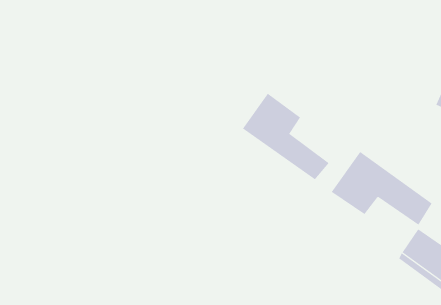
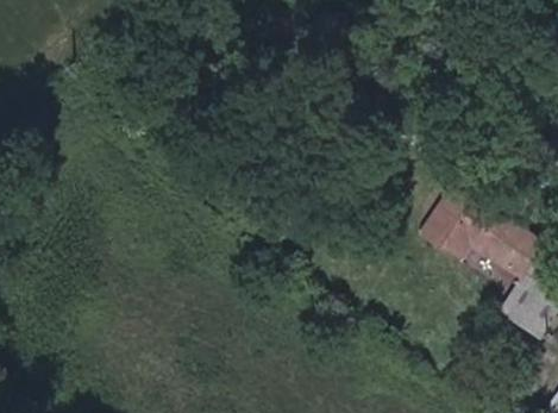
building: [242,93,330,180] -> none

